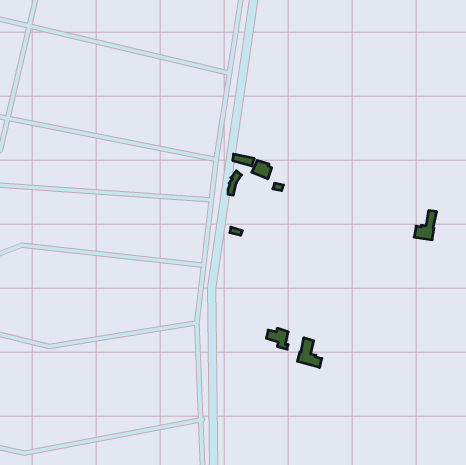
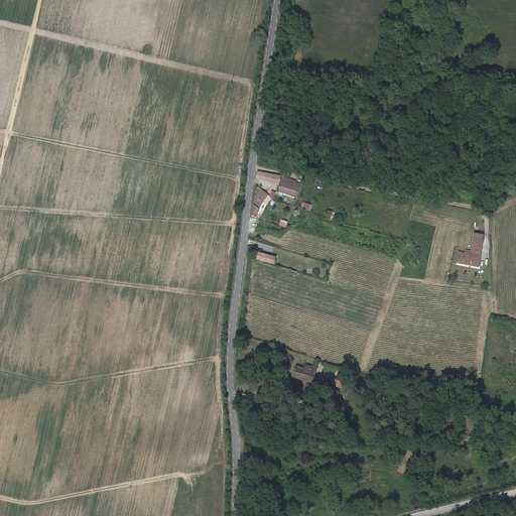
building: [297,338,322,368] -> none

